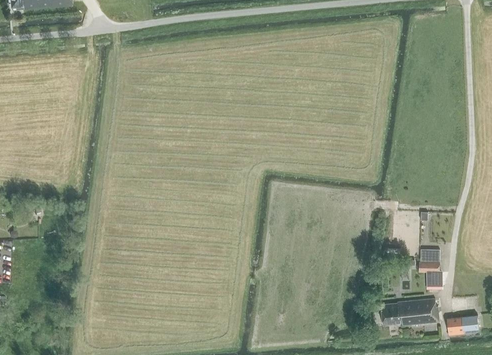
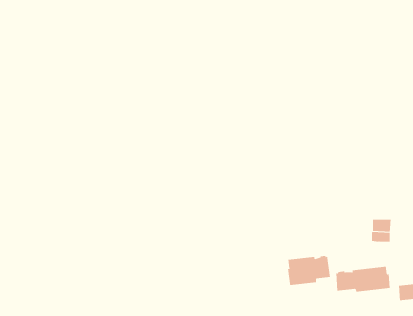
building: none -> [287,255,331,286]

